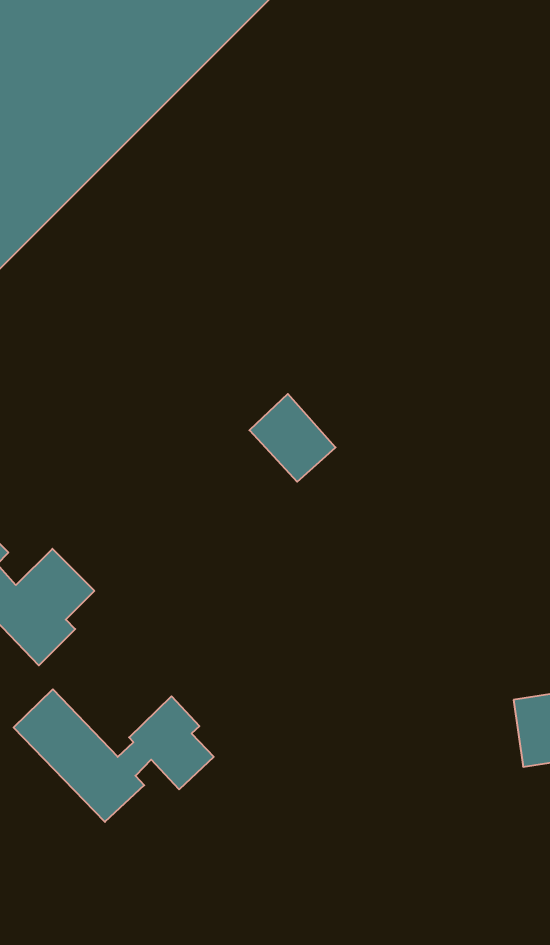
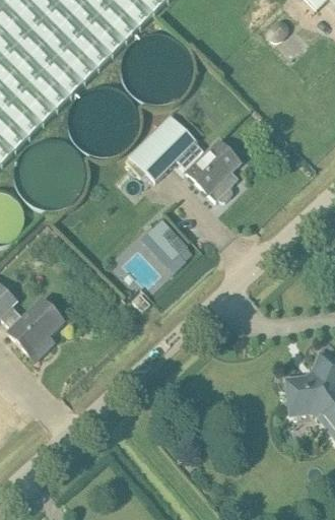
building: none -> [127,113,241,200]
building: [14,689,214,822] -> none

